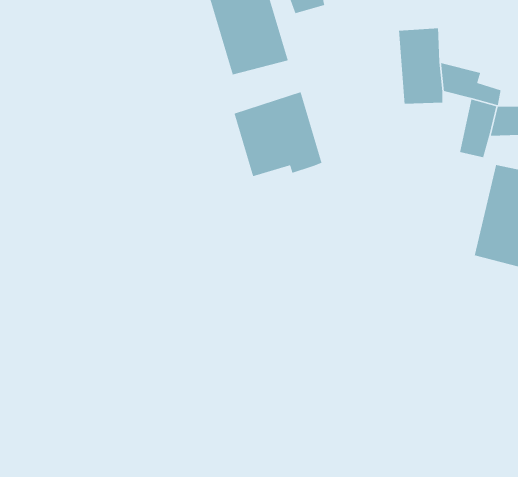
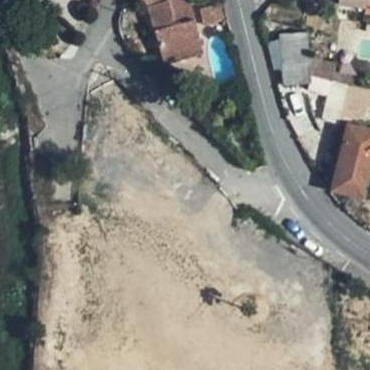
building: [234,91,323,177] -> none

